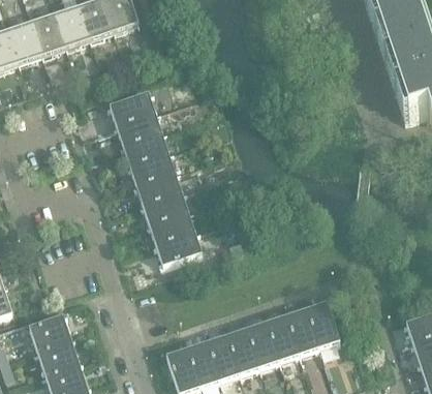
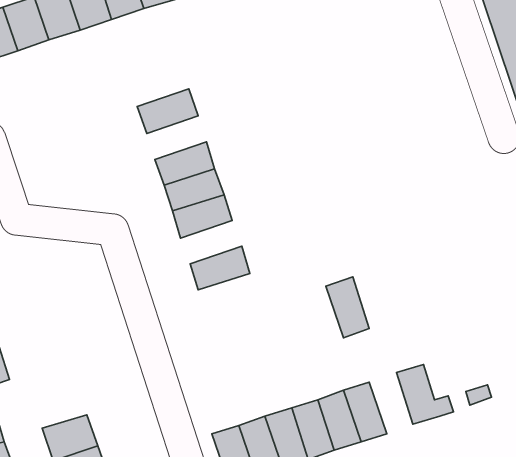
building: [116,112,161,145] -> none
building: [142,191,188,224] -> none
building: [155,232,202,265] -> none
building: [285,307,318,354] -> [326,277,369,338]
building: [28,313,70,350] -> none

